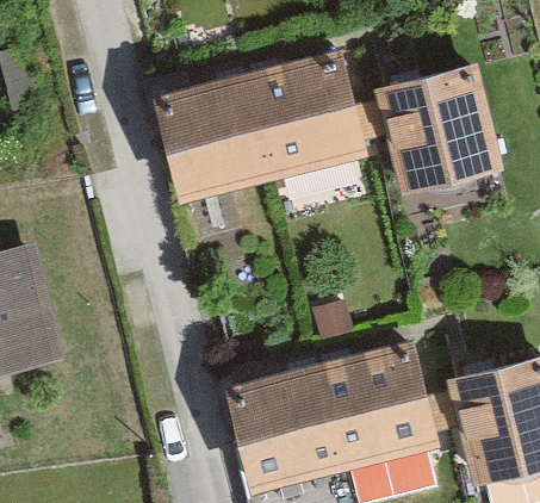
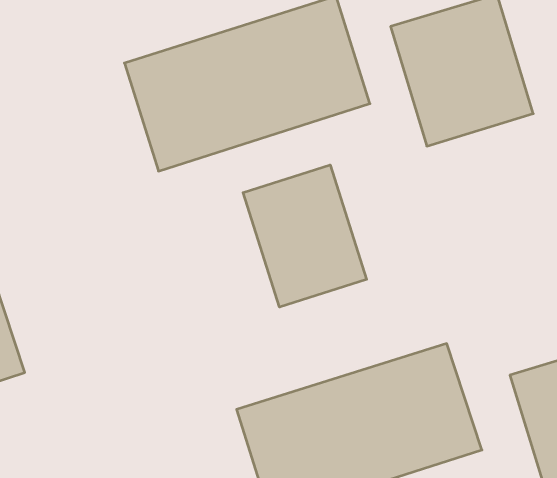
building: none -> [243,165,367,307]

